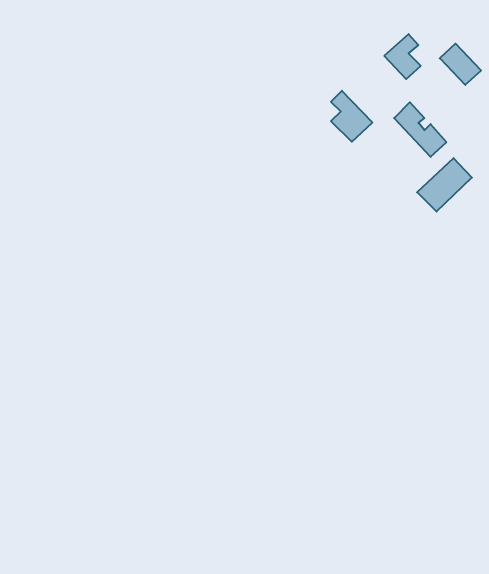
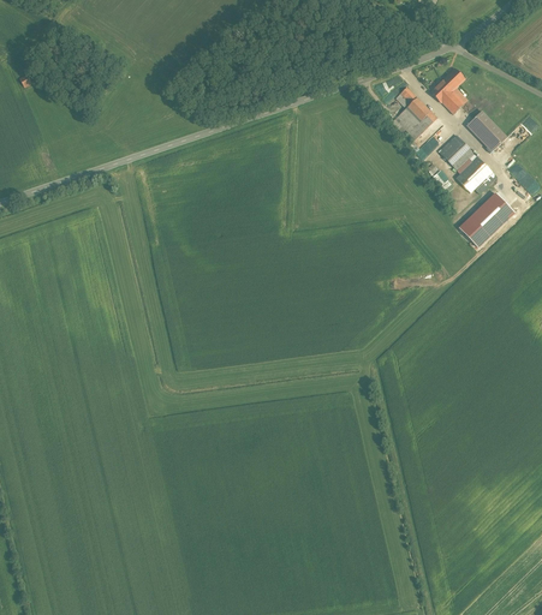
building: [440,44,481,85] -> [465,111,506,151]
building: [331,91,372,142] -> [393,85,434,136]

